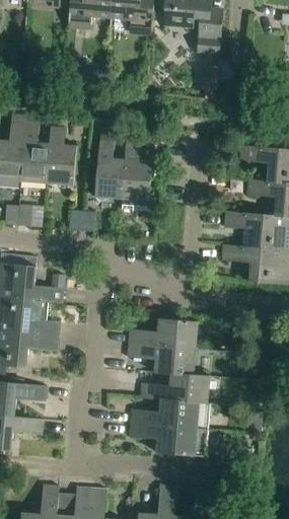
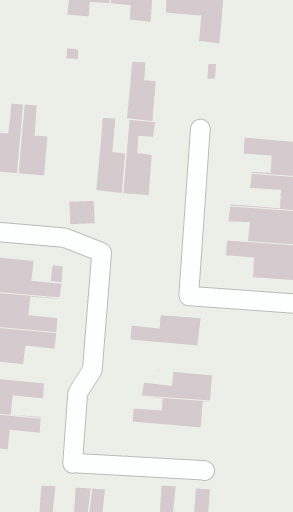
building: [46,128,75,187] -> [126,61,156,122]
building: [6,201,44,223] -> none
building: [127,344,210,378] -> none
building: [130,424,199,457] -> none

